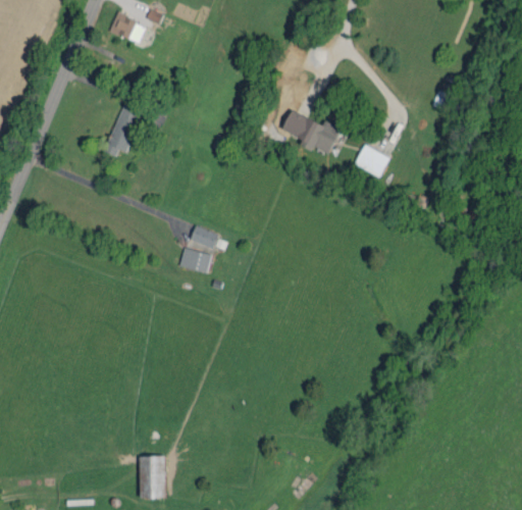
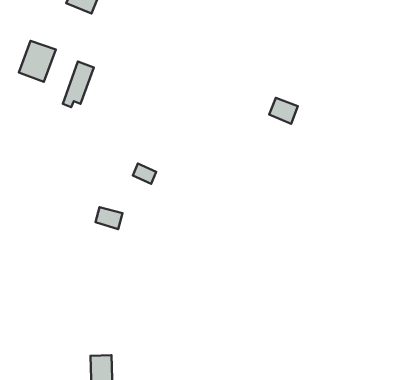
building: none -> [19,41,56,82]
building: [282,110,341,153] -> none
building: [179,247,212,273] -> [95,207,122,229]

